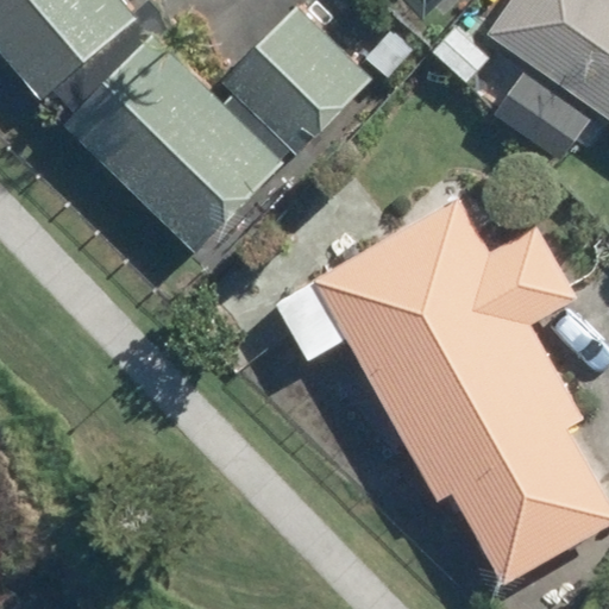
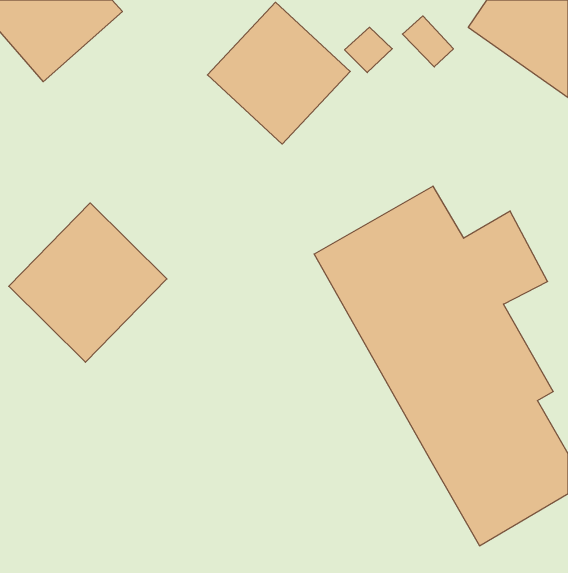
building: [63,24,276,240] -> none
building: none -> [9,203,167,362]

